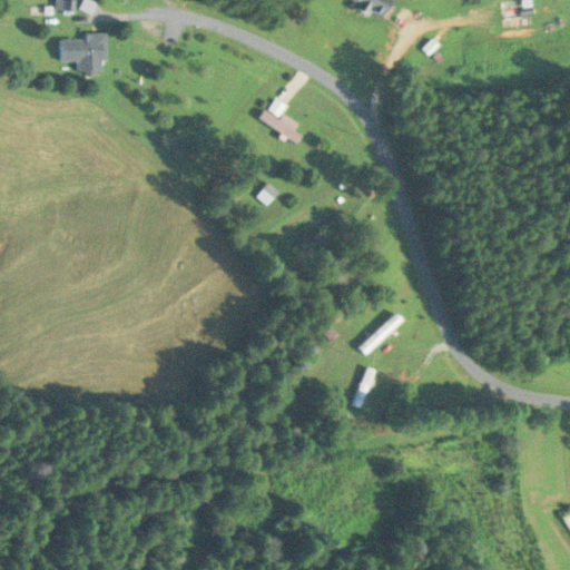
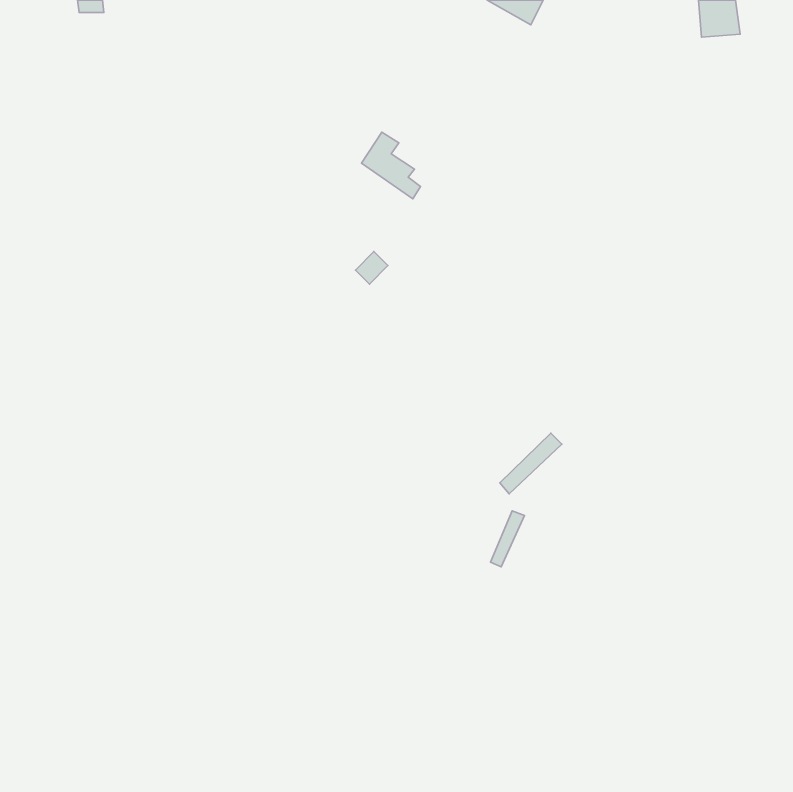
building: [60,31,105,71] -> none

